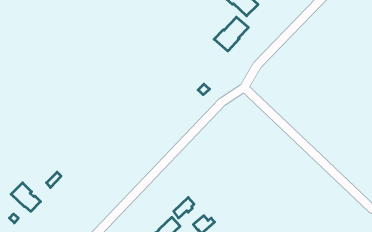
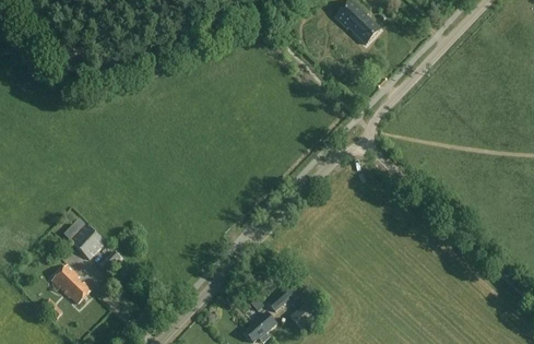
building: [214,17,248,51] -> none
building: none -> [70,224,104,258]

